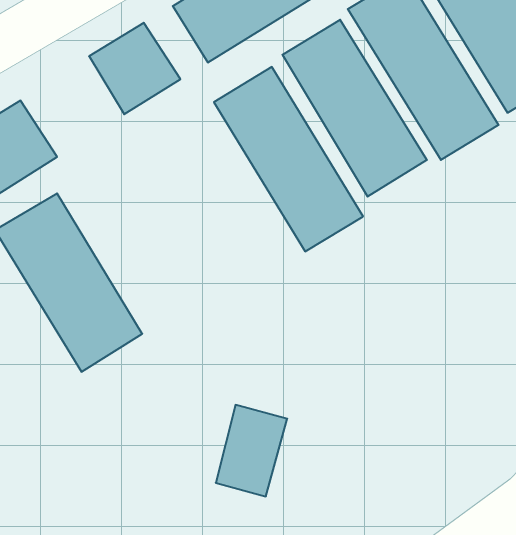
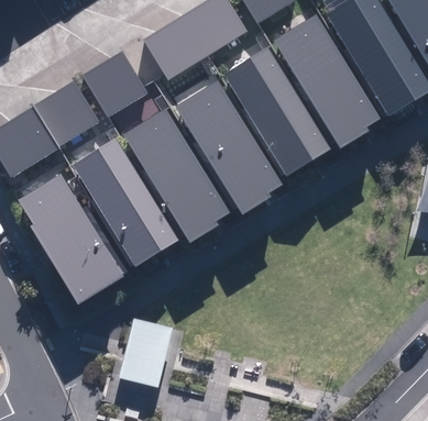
building: none -> [36,78,102,144]
building: none -> [122,109,230,243]
building: none -> [72,139,177,266]
building: [216,405,287,496] -> [123,319,175,385]

